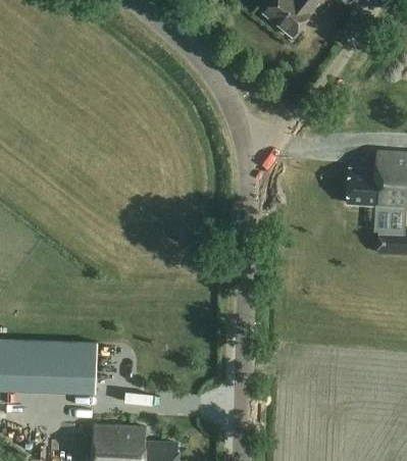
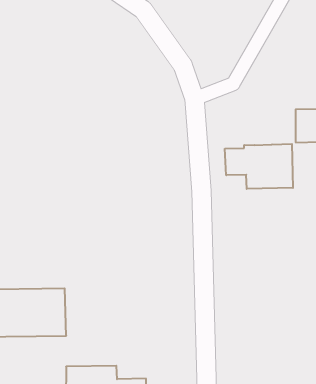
building: none -> [225,144,293,189]

